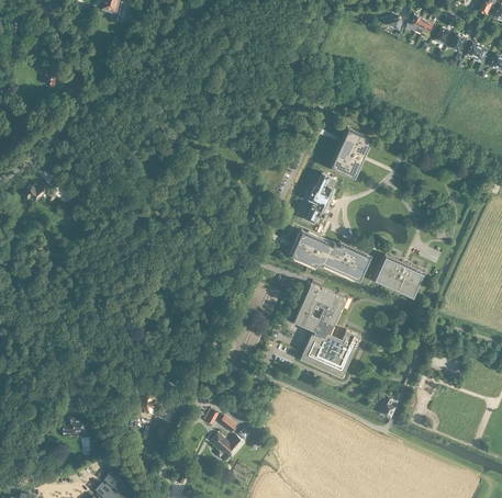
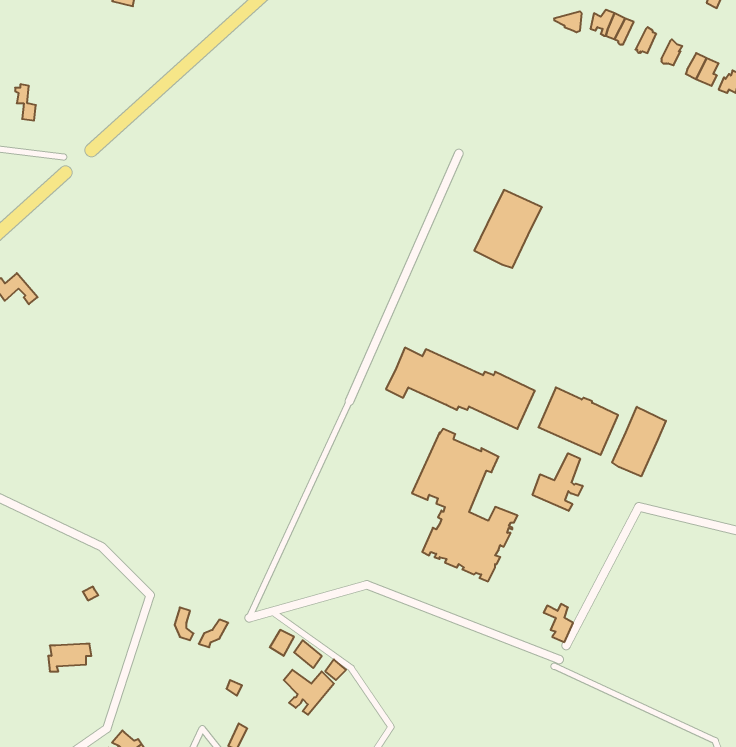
building: [304,172,336,227] -> none
building: none -> [612,407,666,476]
building: none -> [533,453,583,511]

